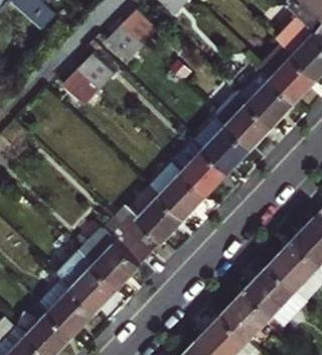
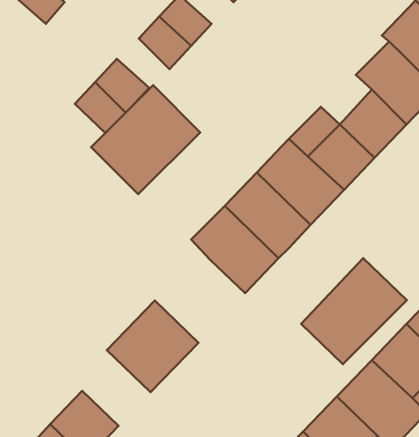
building: none -> [91,85,200,194]
building: none -> [301,258,407,364]
building: [119,196,181,253] -> none
building: [63,258,116,311] -> none

